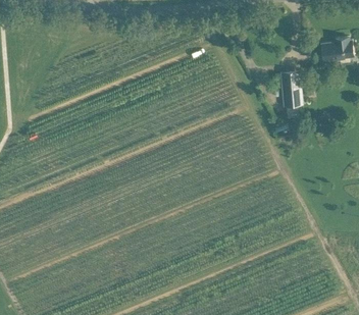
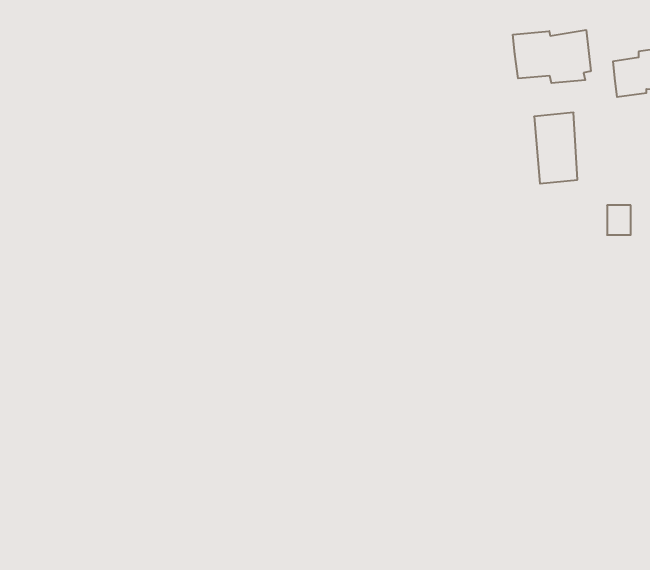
building: none -> [513,30,591,83]

